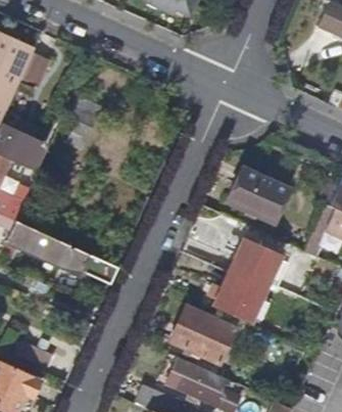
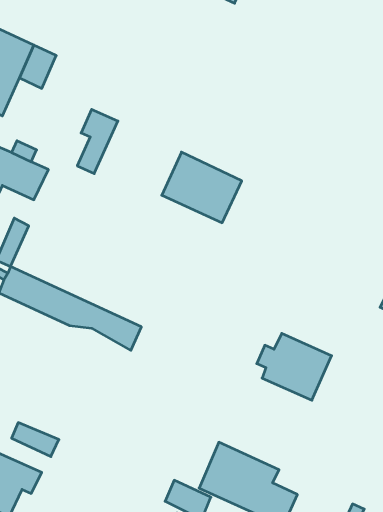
building: [227,167,289,222] -> [162,152,242,223]
building: [228,238,282,289] -> none
building: [169,306,235,363] -> none

